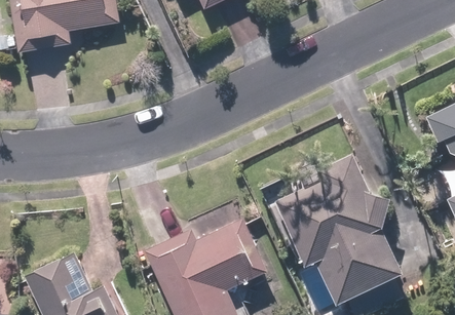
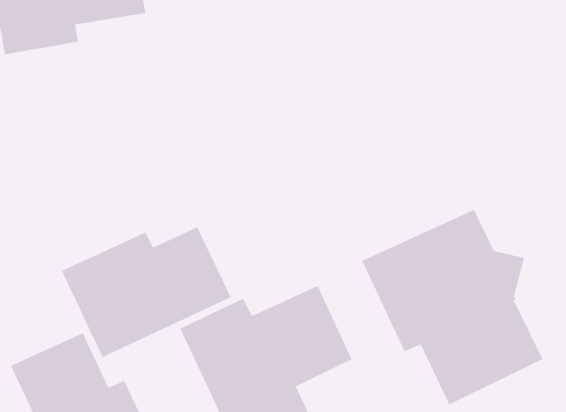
building: none -> [61,226,232,358]

